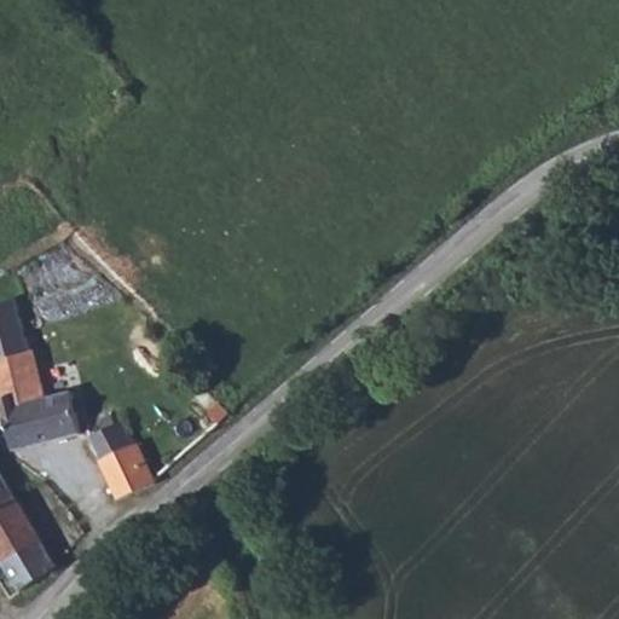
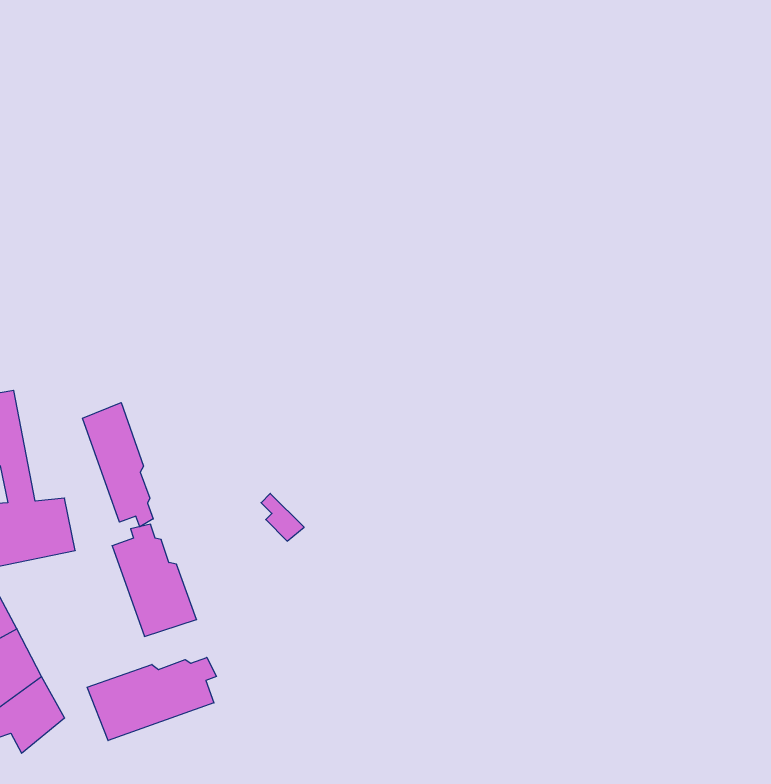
building: none -> [83,403,153,527]
building: none -> [87,657,216,741]

